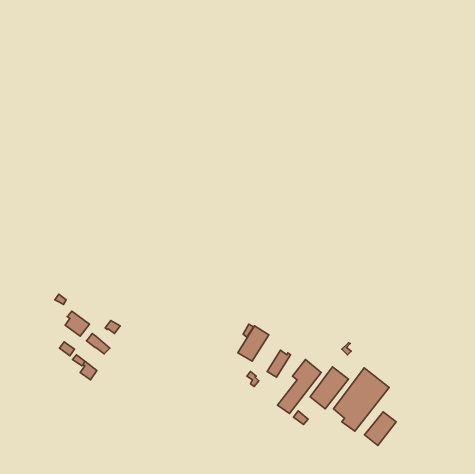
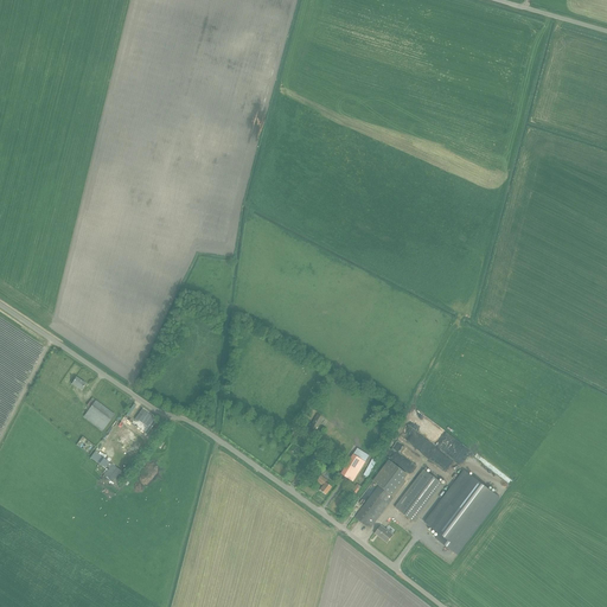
building: [238,326,269,361] -> none
building: [364,412,396,445] -> none

